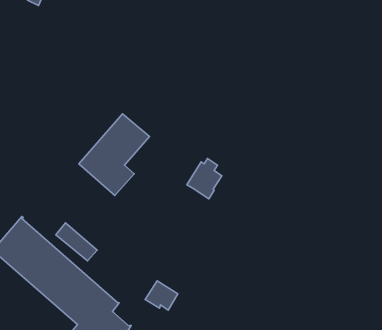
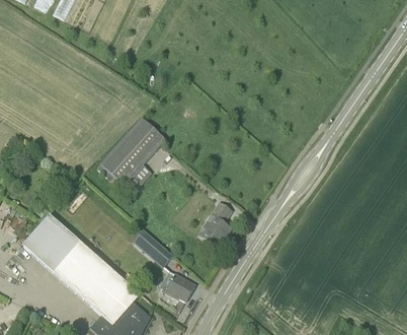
building: [187,158,222,199] -> [198,210,231,248]
building: [56,223,97,261] -> [137,230,175,266]

